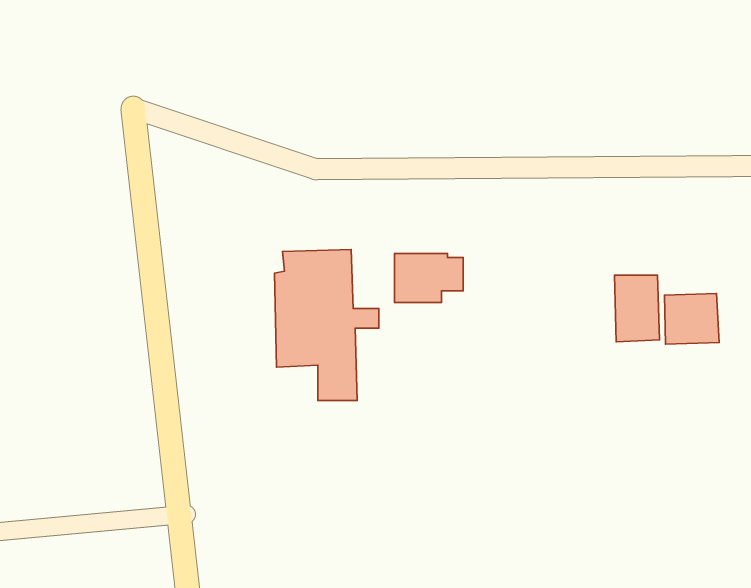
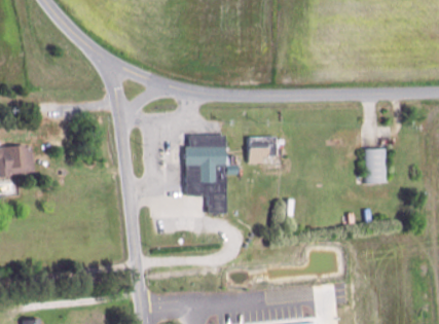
building: [664,294,719,344] -> none

